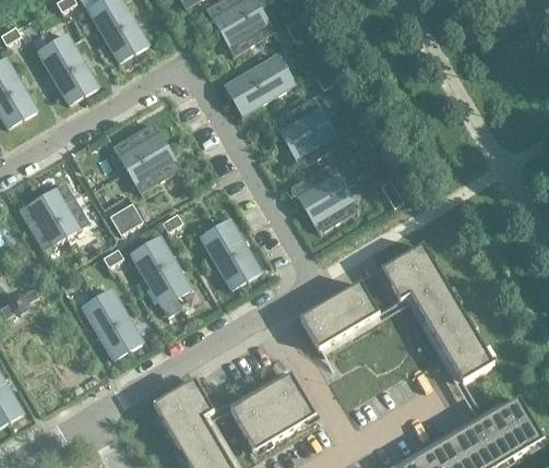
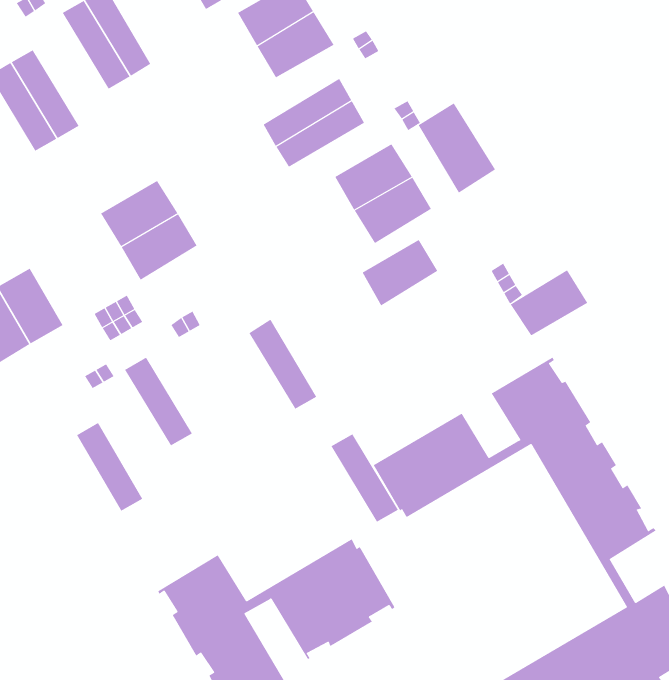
building: none -> [418,103,496,193]
building: [306,187,359,232] -> [510,269,588,336]
building: [200,229,247,290] -> [330,433,399,523]
building: [145,237,192,298] -> none
building: [82,299,128,360] -> none

